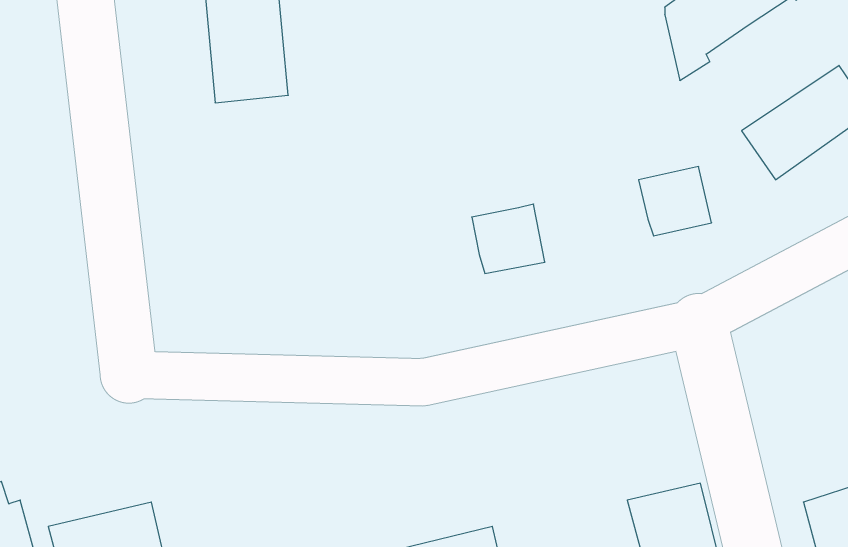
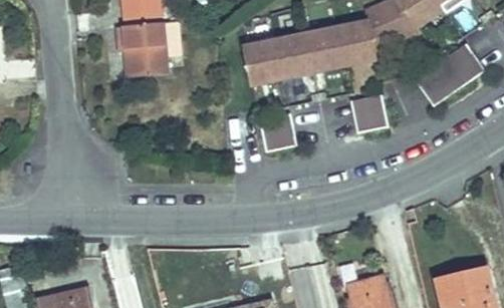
building: none -> [244,22,374,91]

